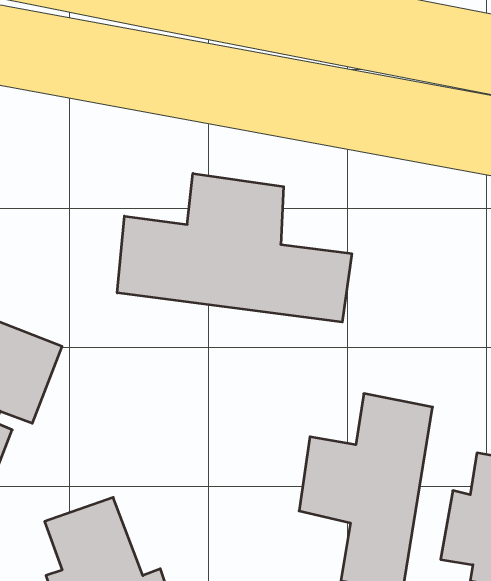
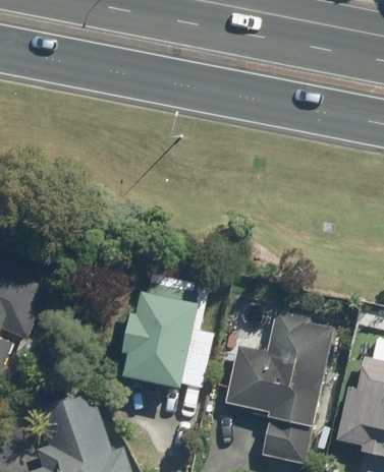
building: [117,173,352,322] -> none
building: none -> [121,276,214,388]

